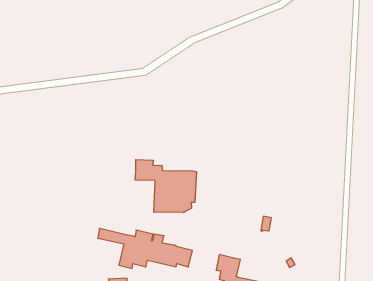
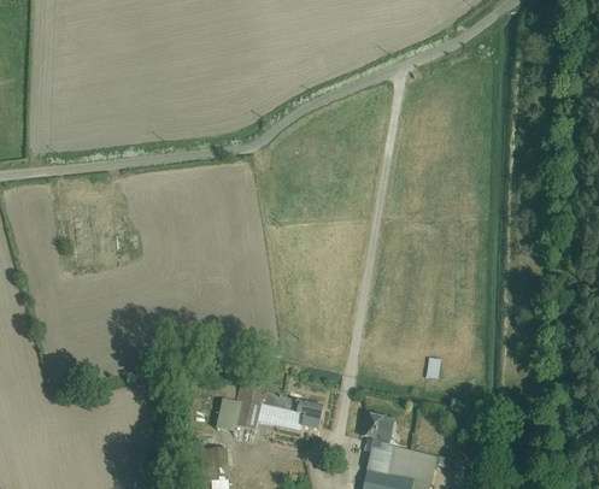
building: [135,160,196,213] -> none

